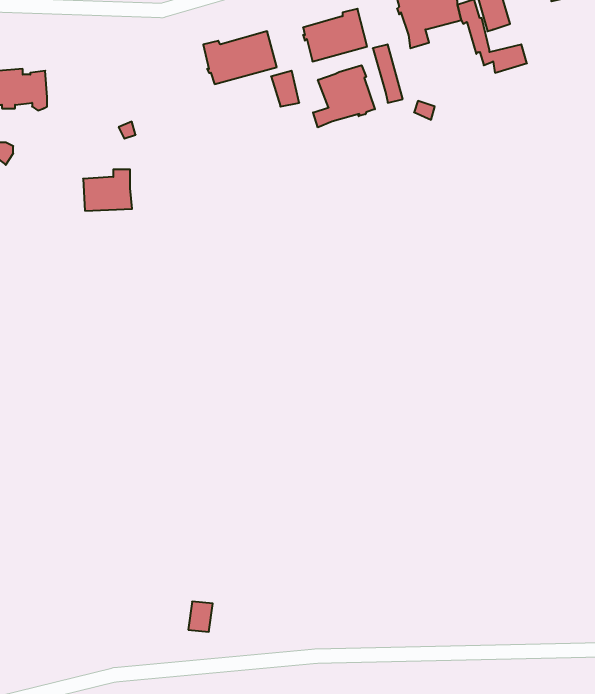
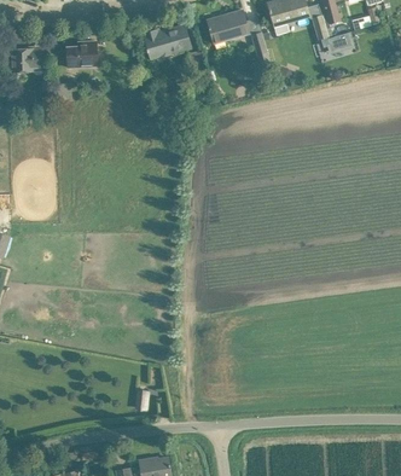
building: [313,65,375,127] -> none
building: [83,169,132,211] -> [65,41,97,68]

